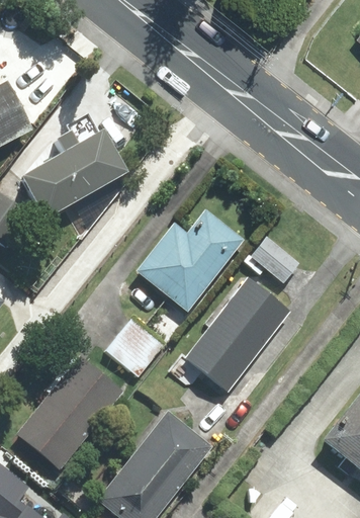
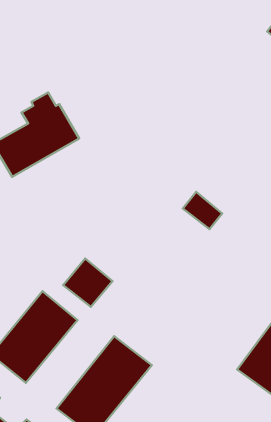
building: [139,209,243,308] -> none
building: [186,279,289,390] -> none

